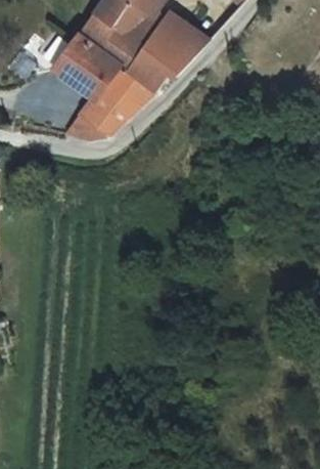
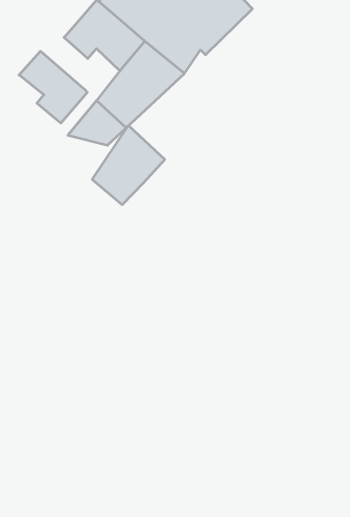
building: none -> [19,51,87,123]
building: none -> [92,126,165,205]

